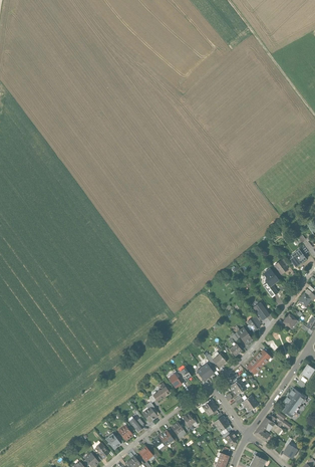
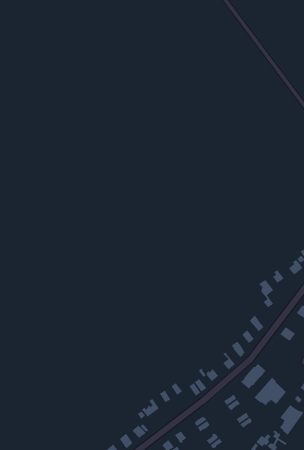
building: none -> [254,377,287,406]

